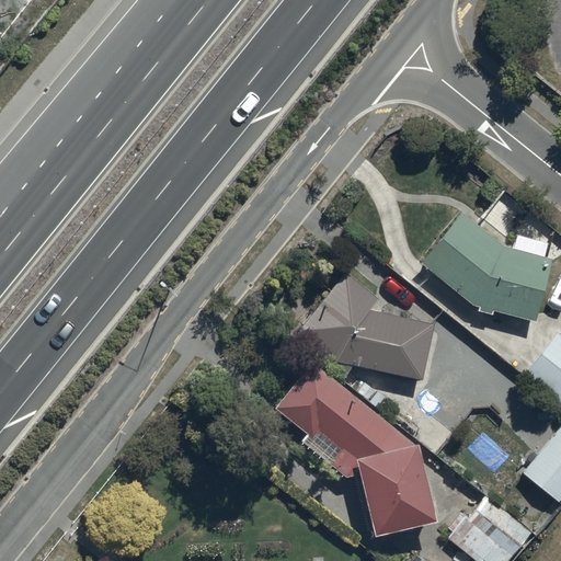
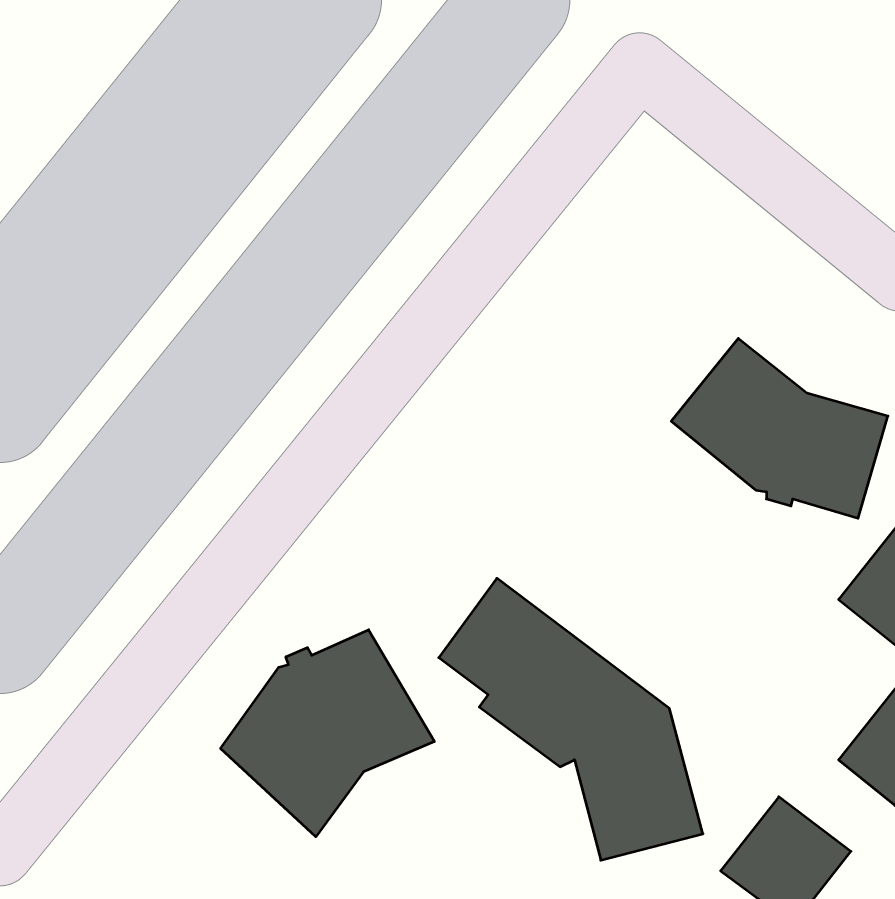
building: [297,271,437,381] -> none
building: none -> [221,630,434,837]

